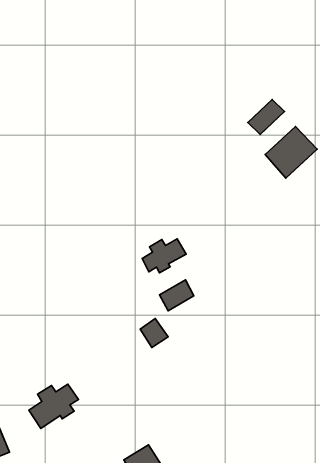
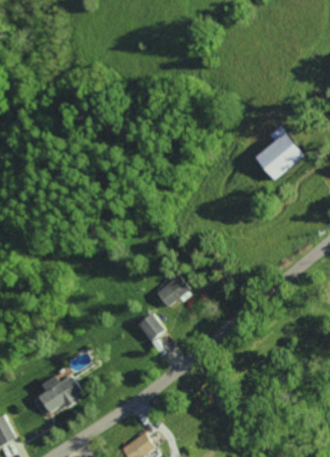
building: [248,100,285,134] -> none
building: [142,239,186,273] -> none

